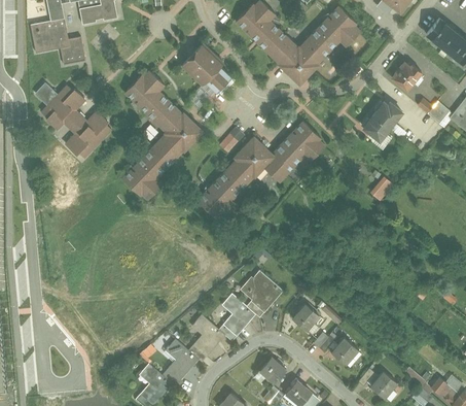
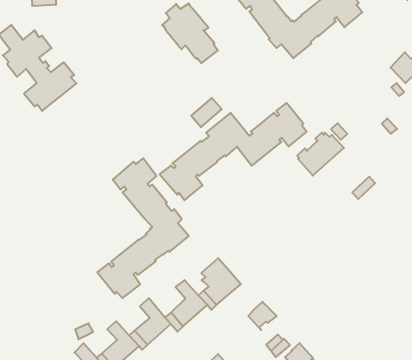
building: [121,70,200,199] -> [97,158,189,298]
building: [361,101,402,141] -> [297,132,344,176]

